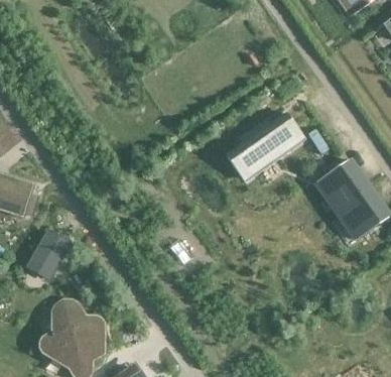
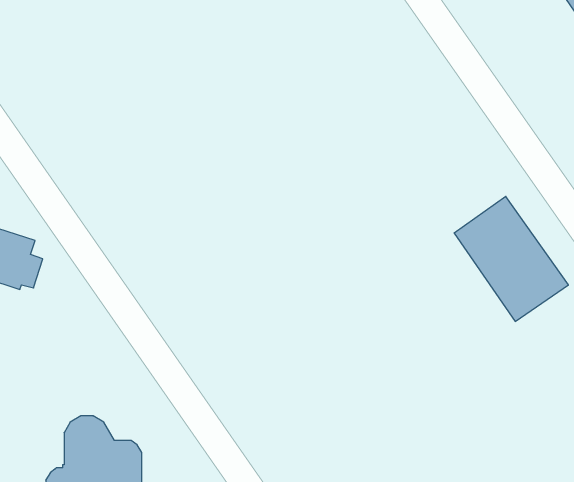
building: [227,114,303,178] -> none
building: [32,224,73,271] -> none

